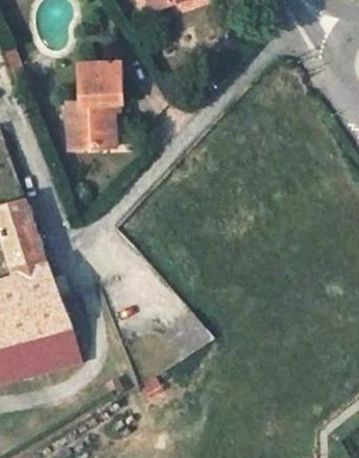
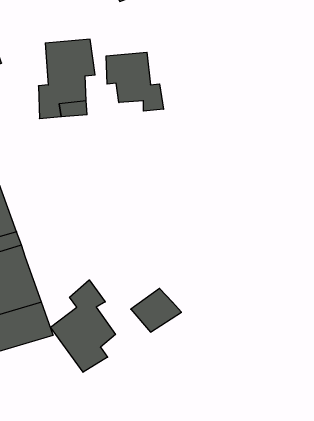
building: none -> [106,52,164,111]
building: none -> [50,280,115,372]

